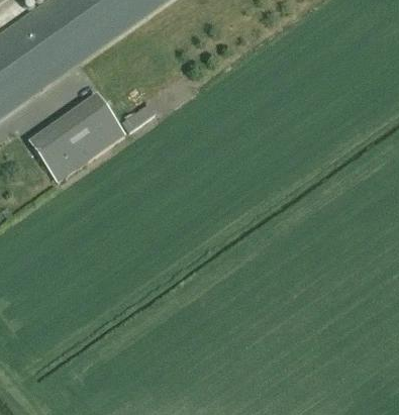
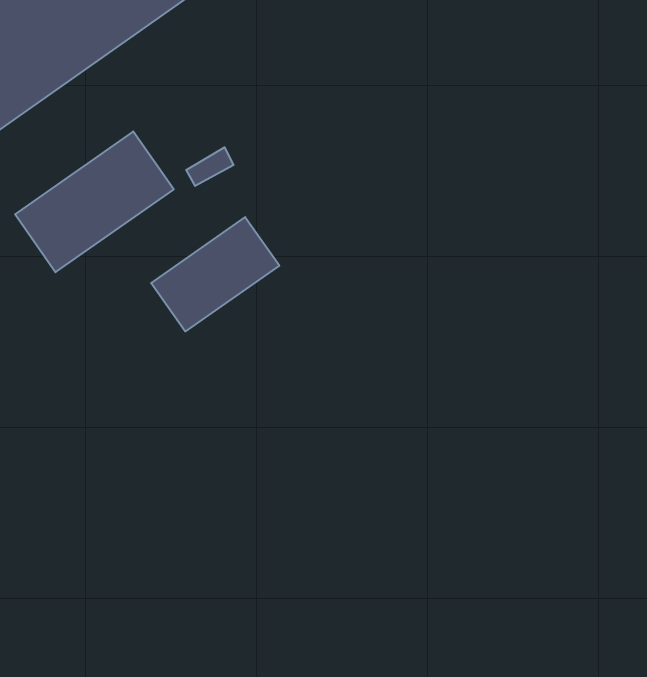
building: none -> [151,217,279,331]

